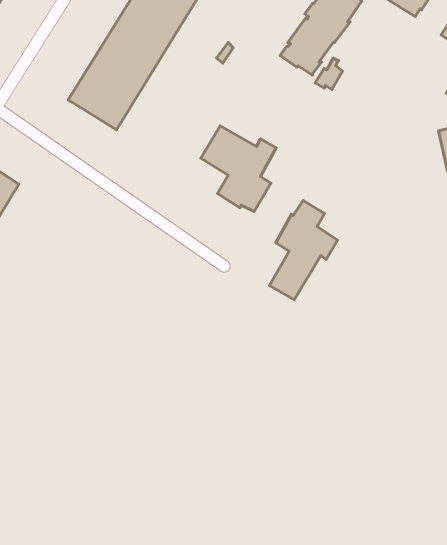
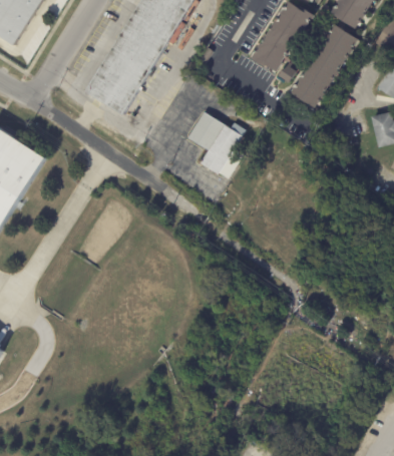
building: none -> [288,24,355,109]
building: [269,201,338,300] -> none

